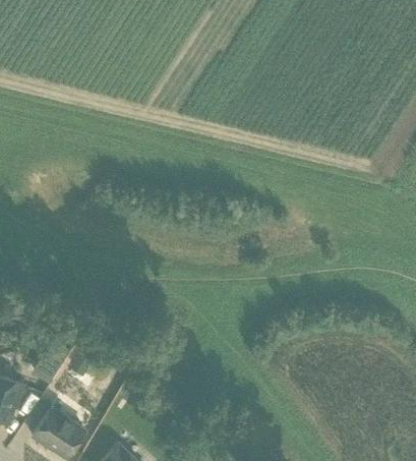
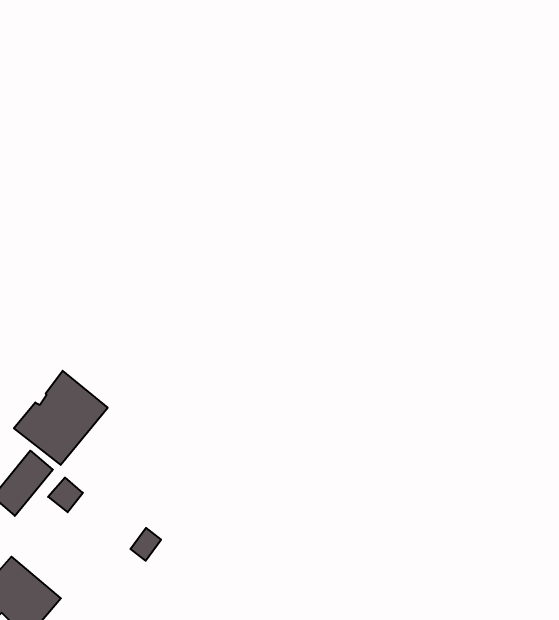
building: none -> [14,371,108,465]

